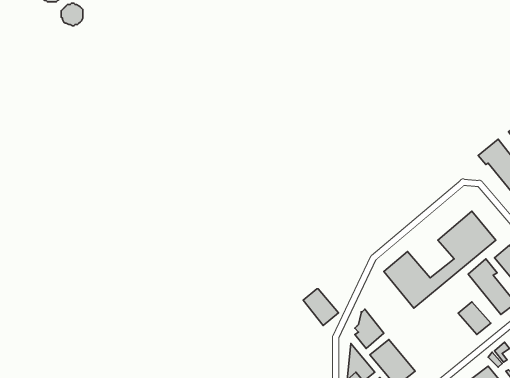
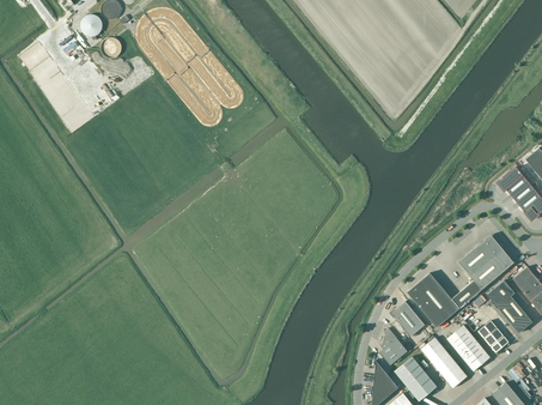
building: [303,289,338,325] -> [391,302,425,337]
building: none -> [446,325,489,371]
building: none -> [420,338,467,388]

